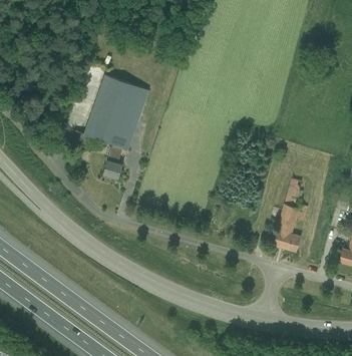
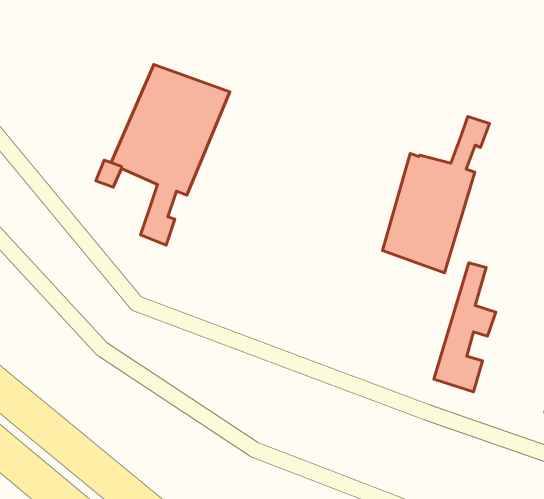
building: none -> [383,117,490,273]

